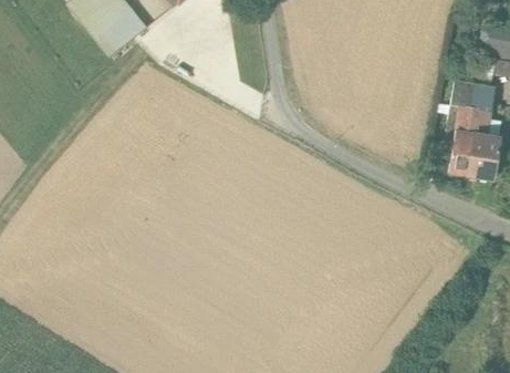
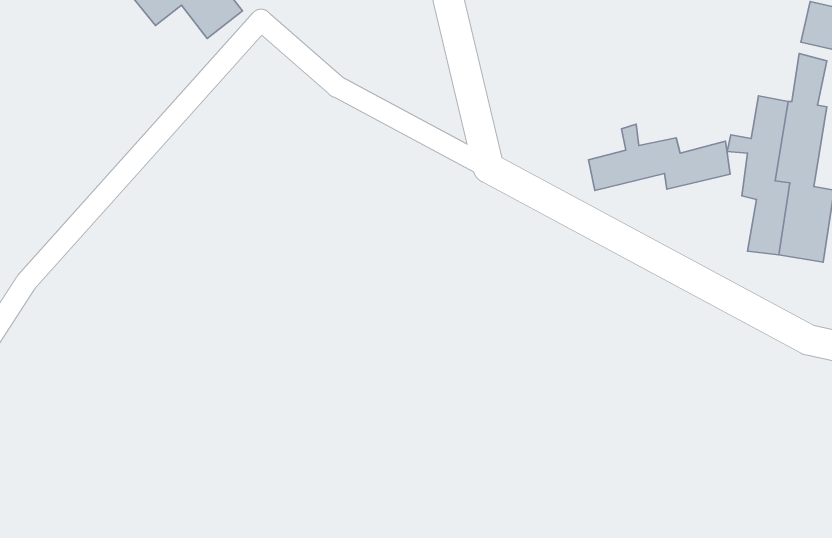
building: none -> [588,124,730,191]

